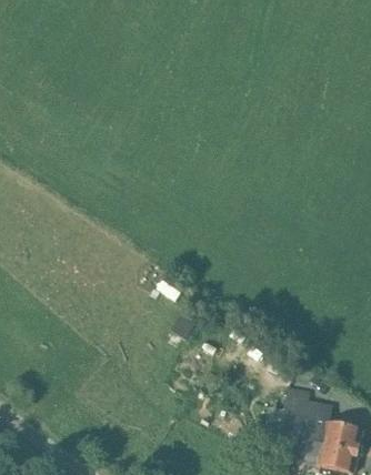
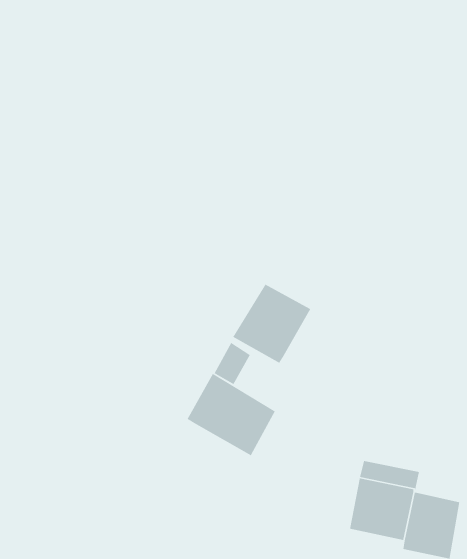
building: none -> [232,283,311,364]
building: none -> [186,373,276,456]

